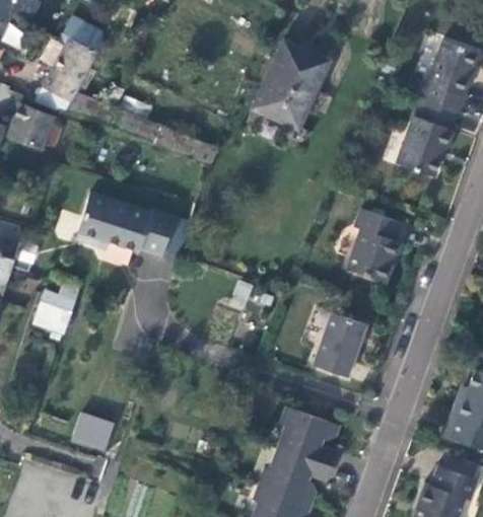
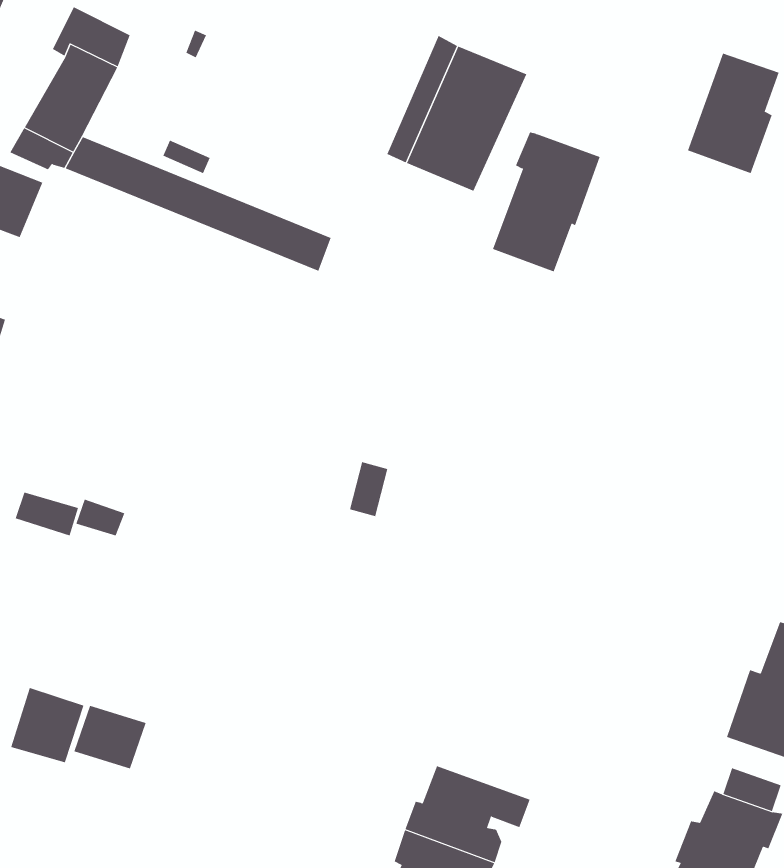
building: [397,97,459,177] -> [492,132,601,272]
building: [72,190,170,253] -> none
building: [346,210,401,283] -> none
building: [310,315,365,380] -> none
building: none -> [11,687,84,763]
building: [279,410,340,468] -> none

